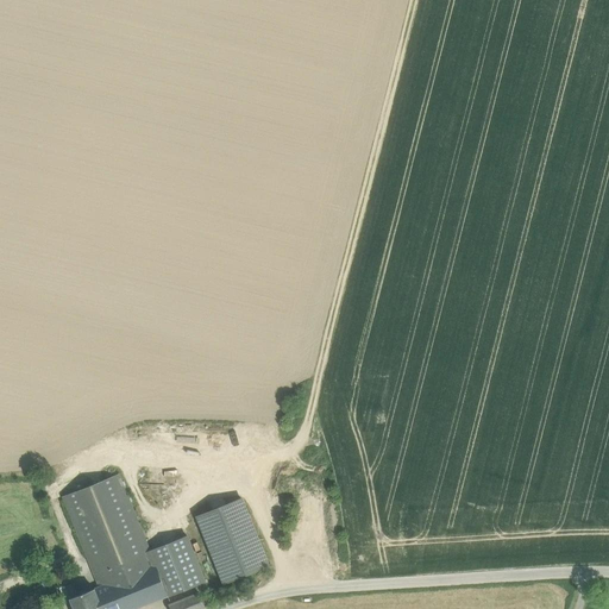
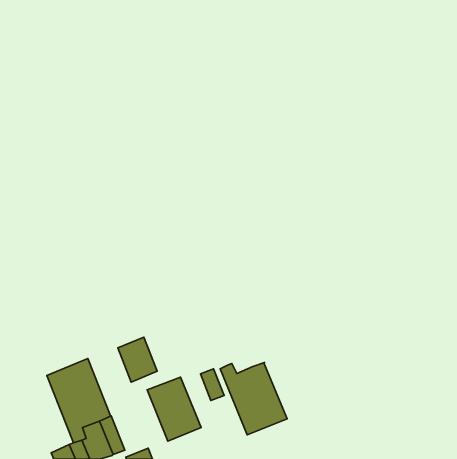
building: none -> [220,362,287,435]
building: none -> [201,369,224,400]
building: [150,536,202,596] -> [118,337,157,382]

